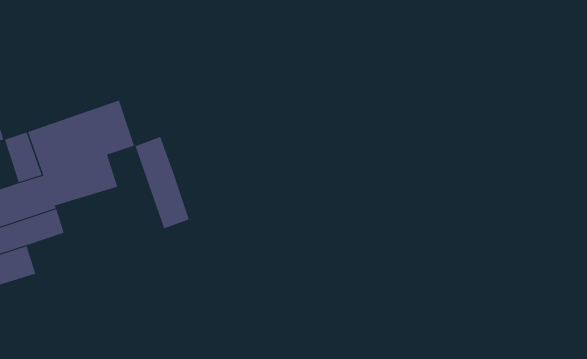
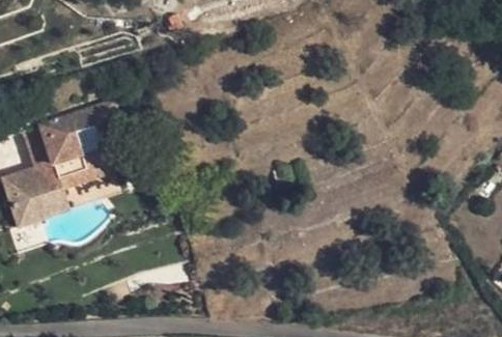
building: [135,136,190,229] -> none

